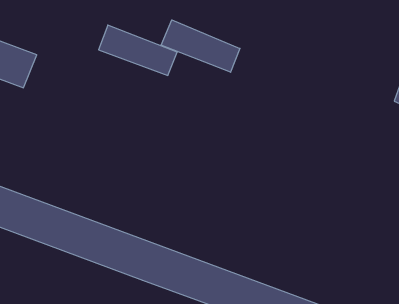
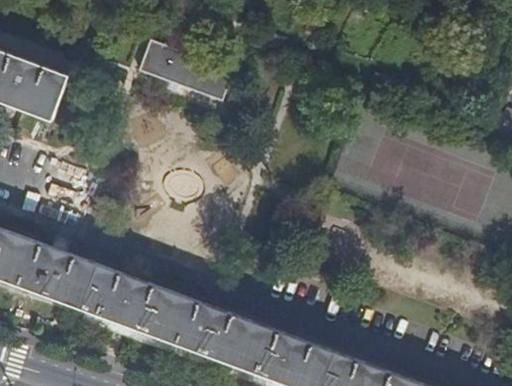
building: [161,20,240,72] -> none

